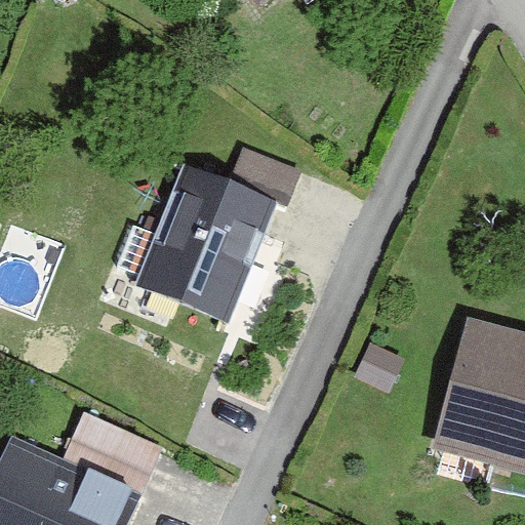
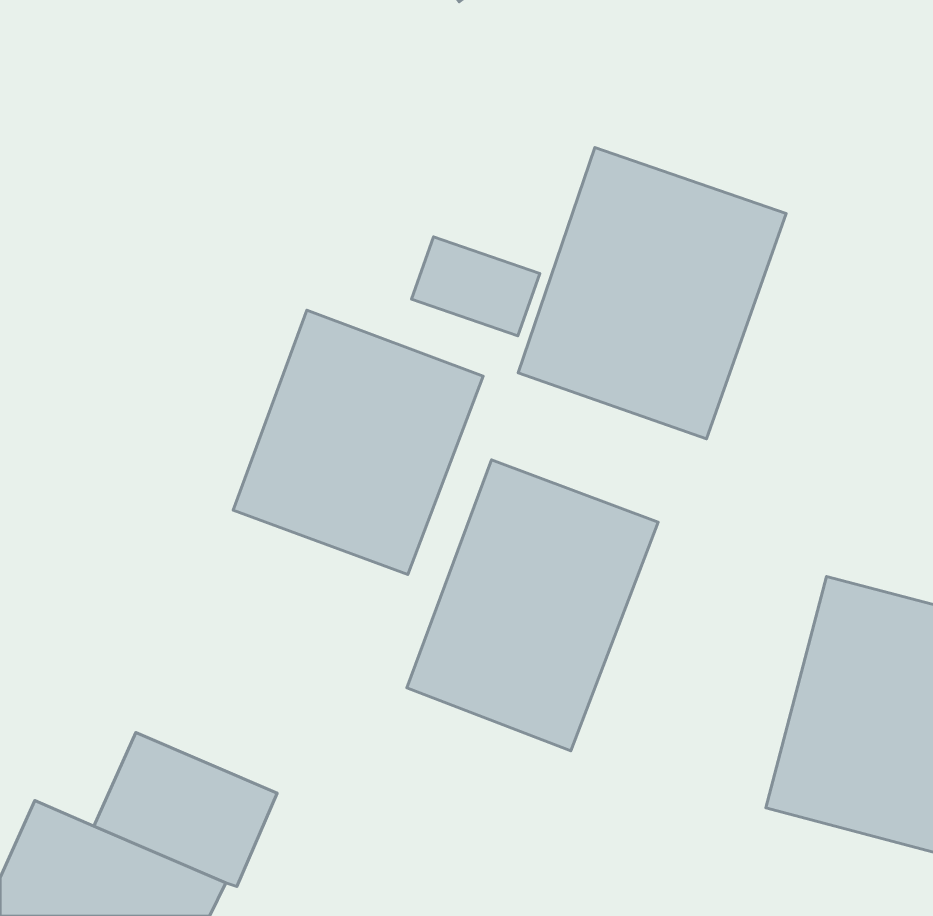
building: none -> [518,147,786,439]
building: none -> [407,460,658,751]

